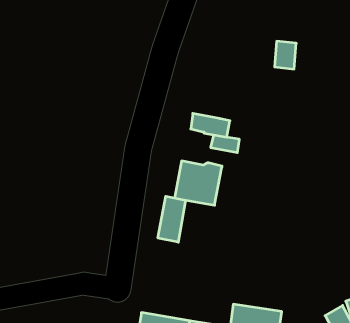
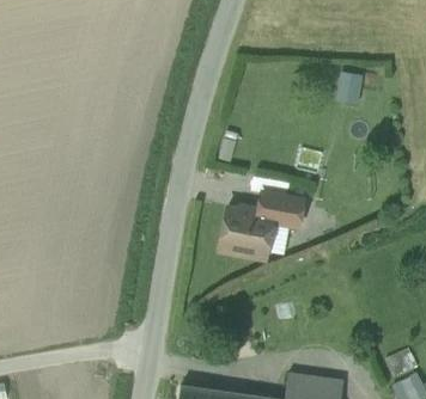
building: [191,113,230,137] -> [258,194,304,221]
building: [158,196,185,242] -> none

